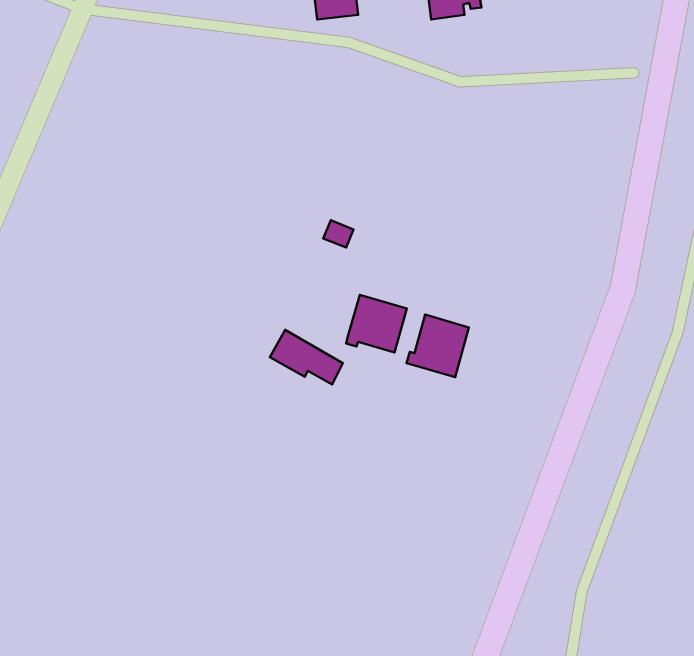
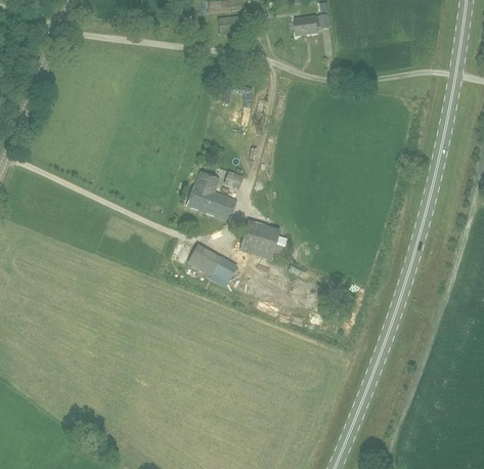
building: none -> [186,170,236,219]
building: [407,315,469,377] -> none

